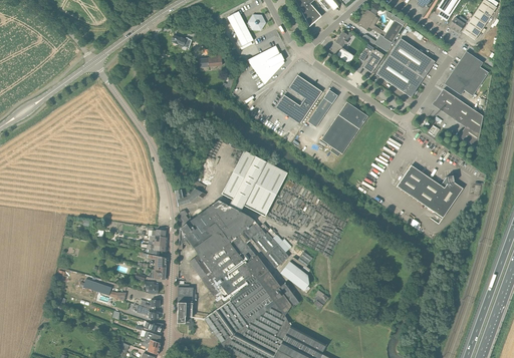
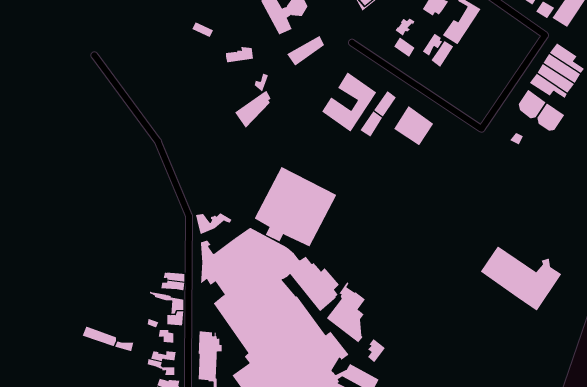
building: [376,38,435,97] -> none
building: [255,52,285,83] -> [234,90,272,129]
building: [460,109,485,147] -> none
building: [321,120,355,156] -> none
building: [397,164,463,218] -> [480,245,562,312]

